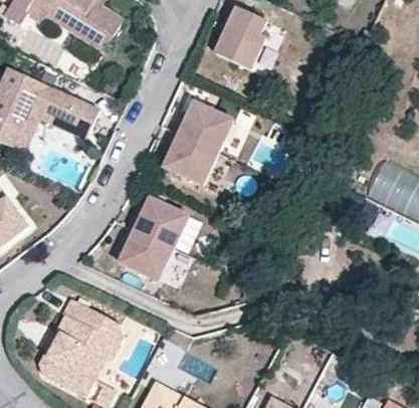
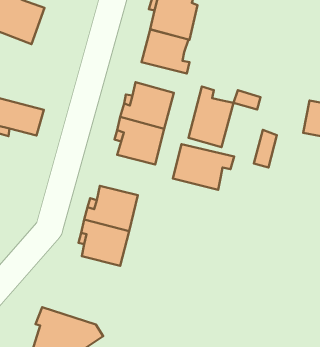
building: none -> [142,30,190,74]
building: none -> [188,87,234,147]
building: none -> [173,144,234,190]

